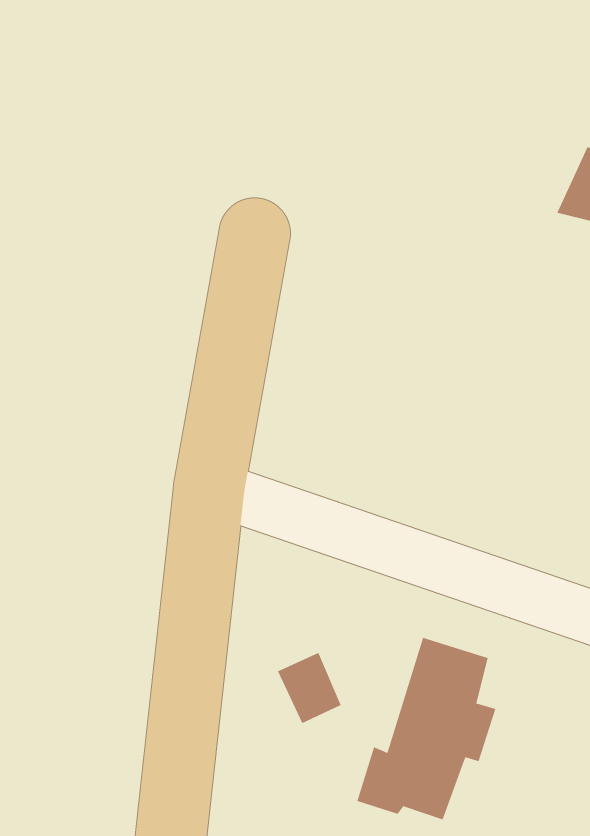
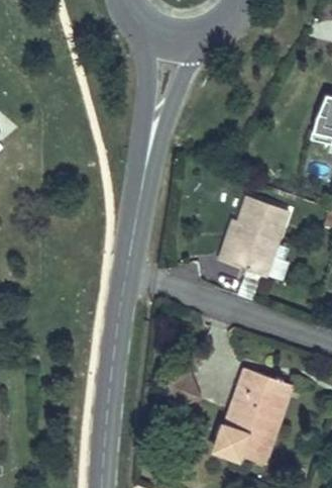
building: none -> [220,202,290,283]

